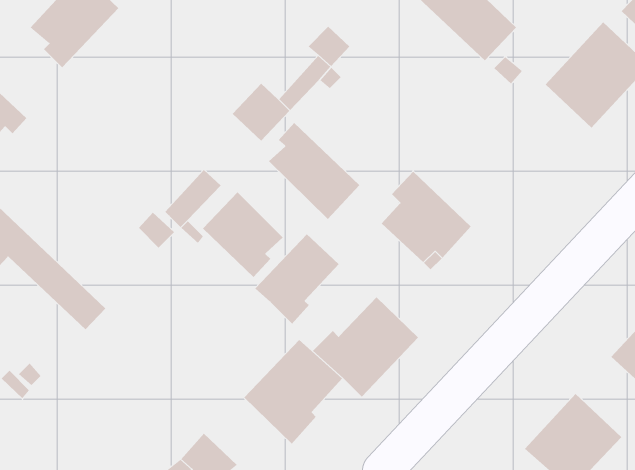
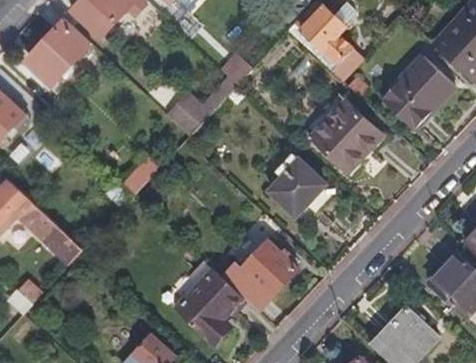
building: none -> [305,95,381,171]
building: [268,122,360,220] -> none
building: [202,191,284,278] -> none
building: [255,233,340,325] -> none

